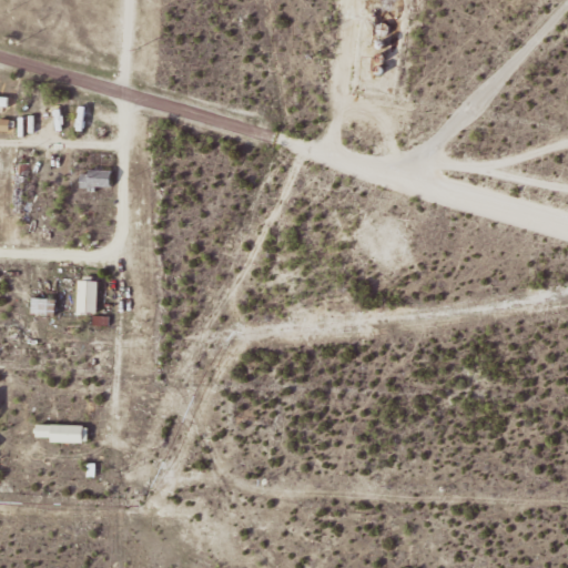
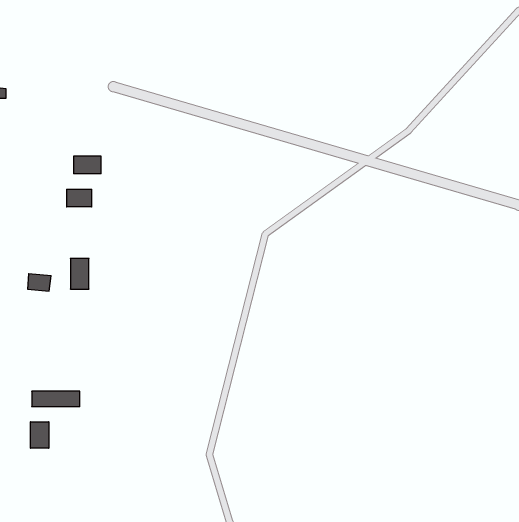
building: none -> [67,189,92,207]
building: none -> [31,422,49,448]

